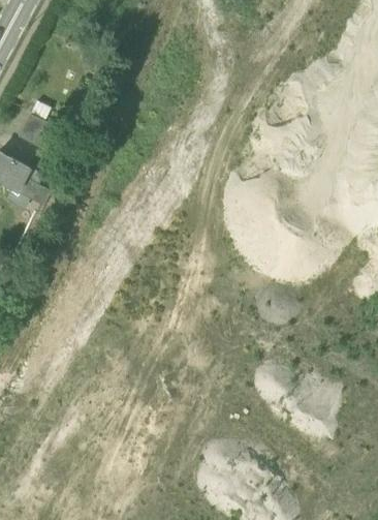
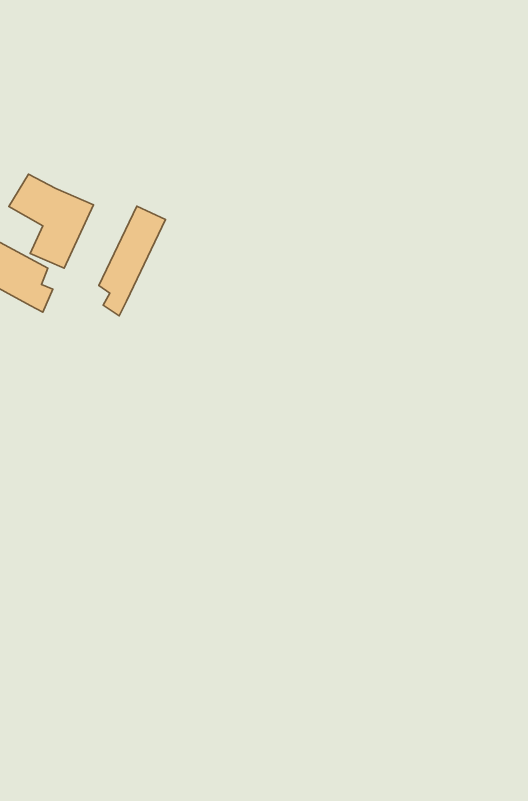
building: none -> [99,206,165,316]

